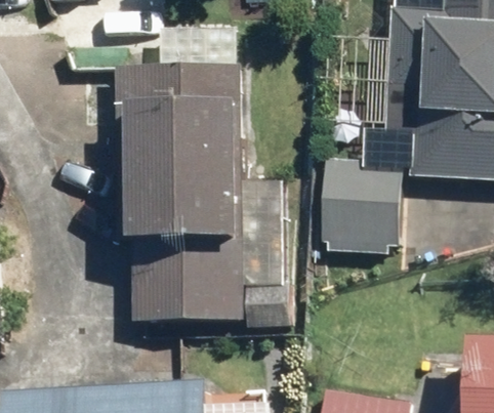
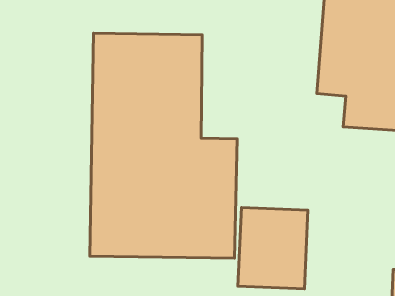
building: [322,157,404,252] -> [238,207,308,289]

